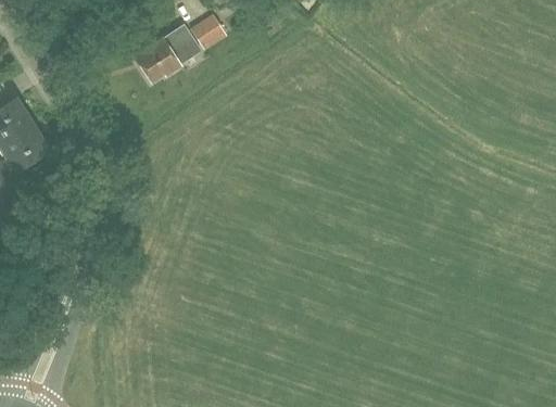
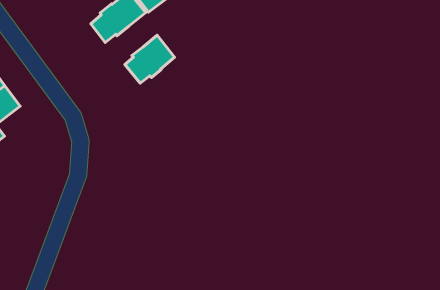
building: none -> [125,35,175,83]

